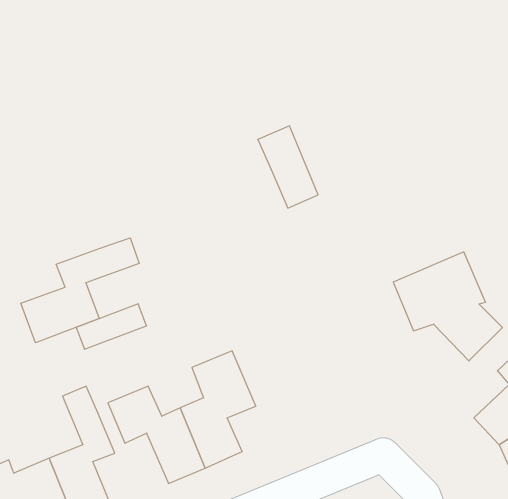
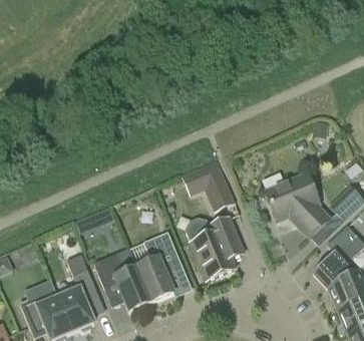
building: [258,126,318,208] -> [197,161,233,211]
building: [21,238,139,343] -> none
building: none -> [190,217,237,279]

